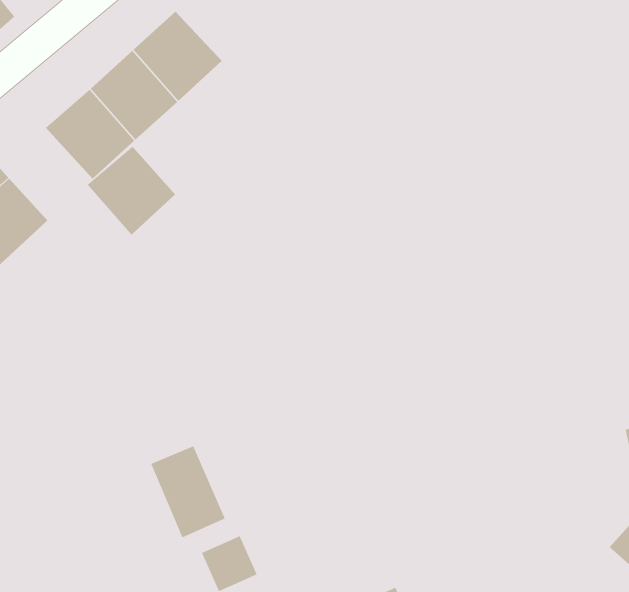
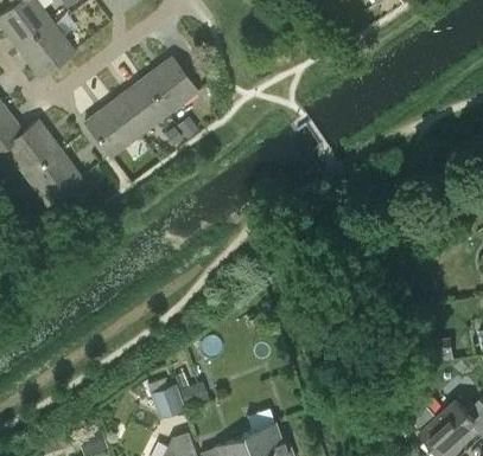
building: [87,146,176,236] -> none
building: [151,446,226,538] -> none

